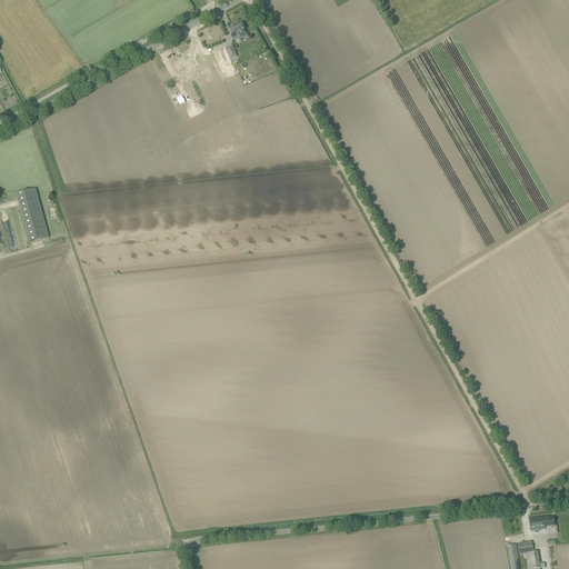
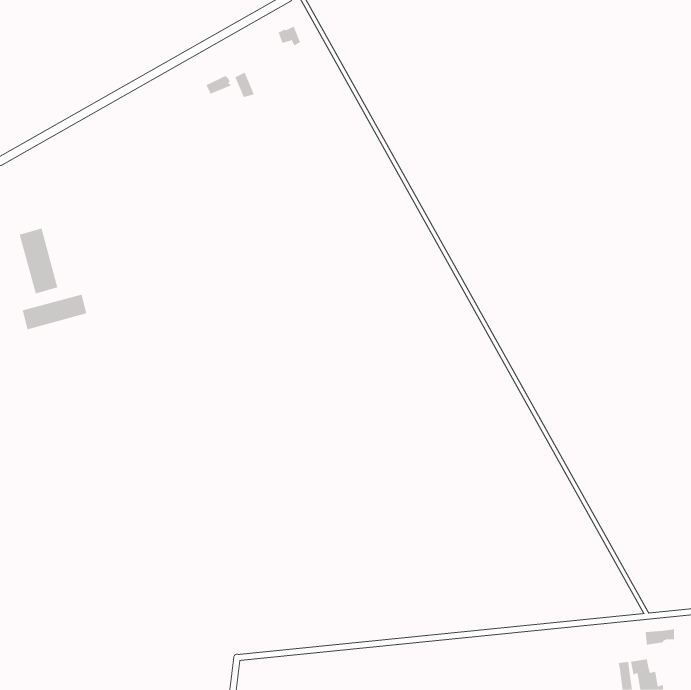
building: none -> [22,294,87,330]

